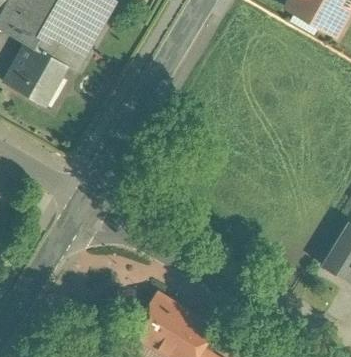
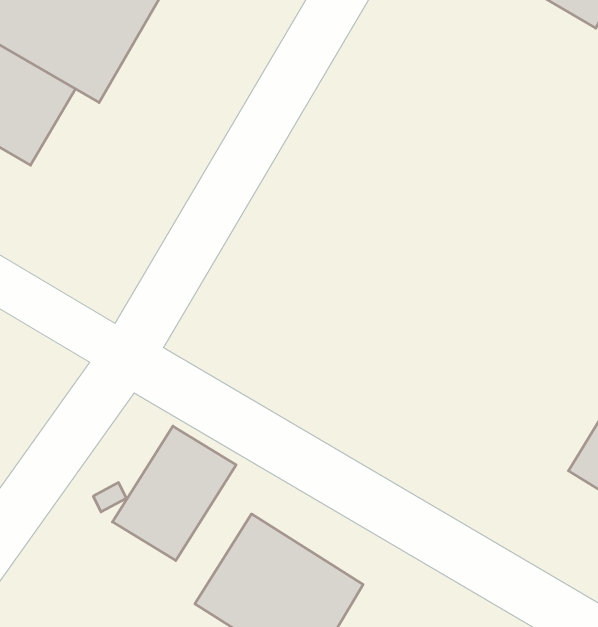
building: none -> [112,426,236,561]

